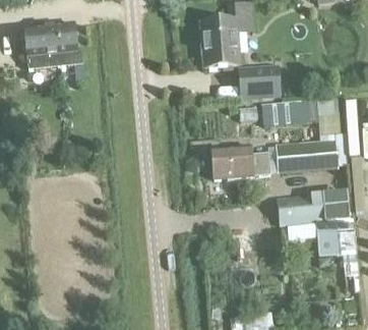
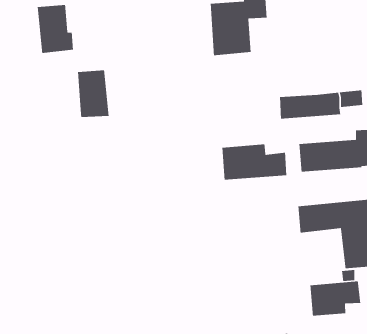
building: [23,23,52,66] -> [77,69,109,118]
building: [238,64,282,97] -> none
building: none -> [310,281,361,317]

